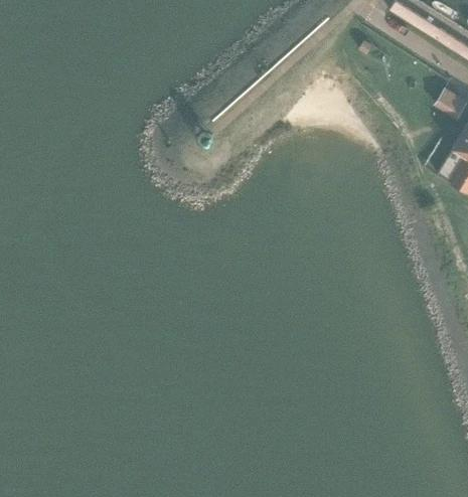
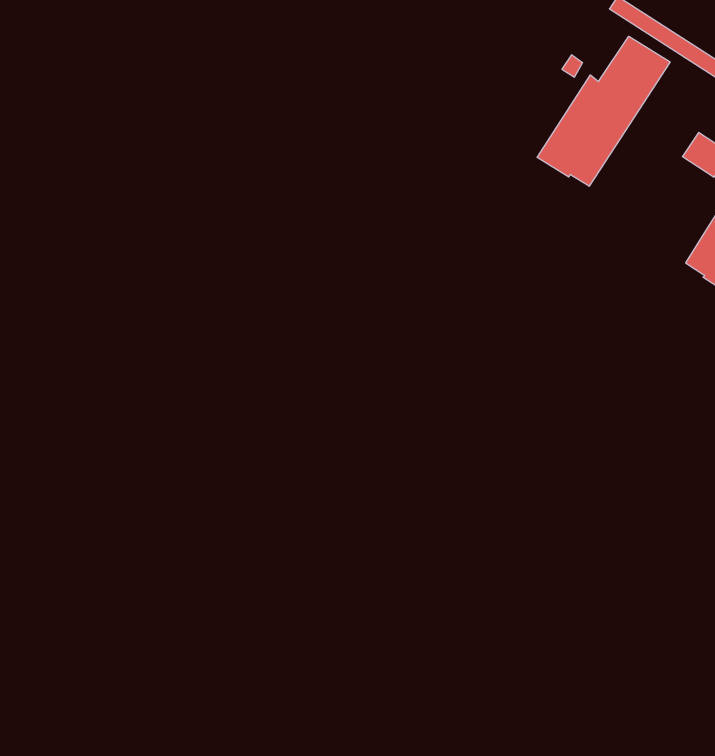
building: none -> [537,36,670,186]

